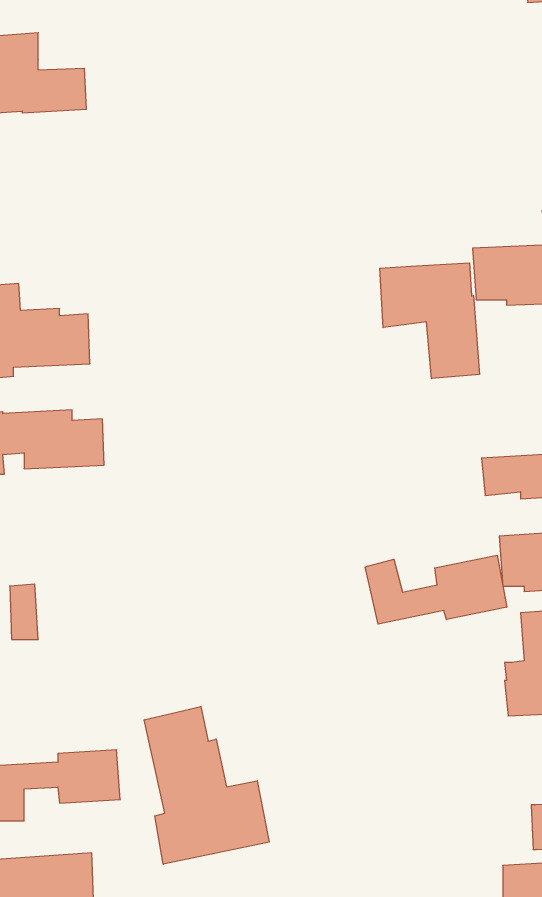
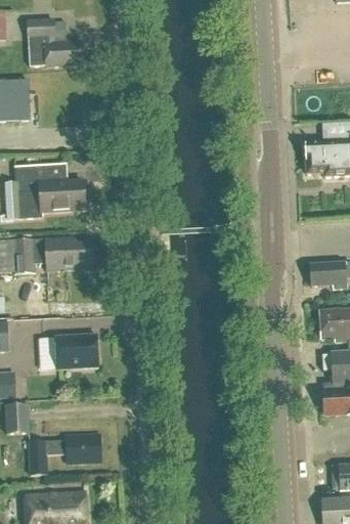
building: [380,263,479,379] -> none
building: [365,555,507,624] -> none
building: none -> [56,334,99,368]
building: [144,706,269,864] -> none

